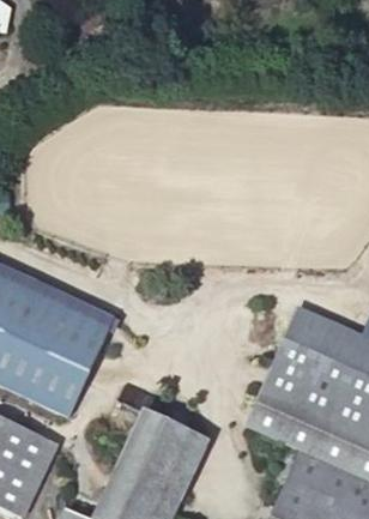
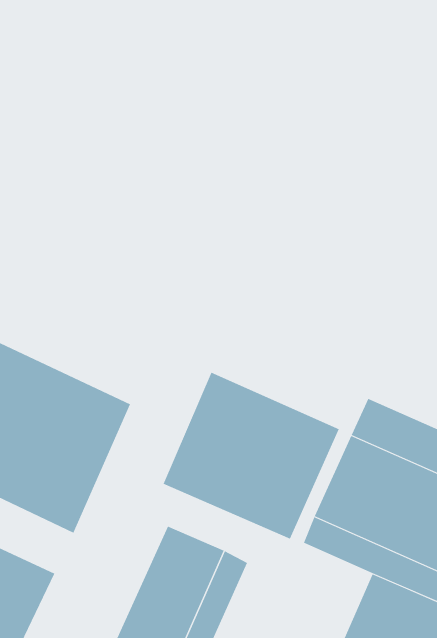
building: none -> [163,372,339,540]

